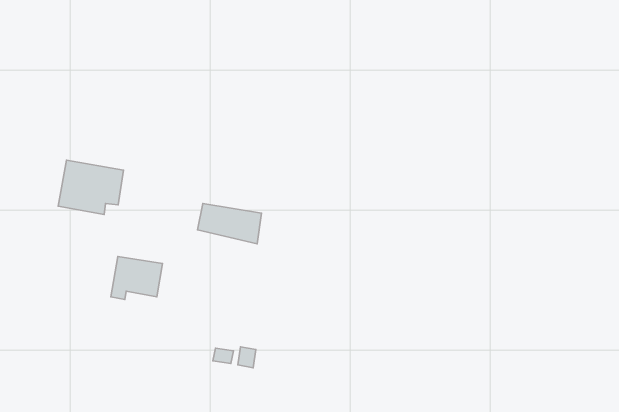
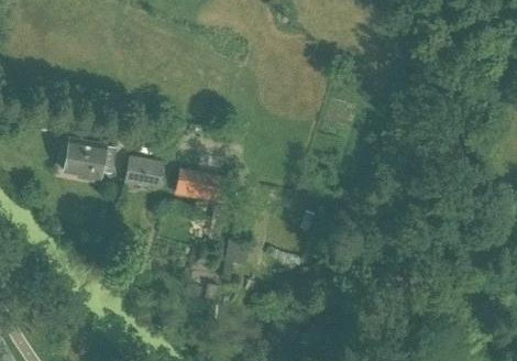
building: [111,256,162,300] -> [123,156,164,190]

